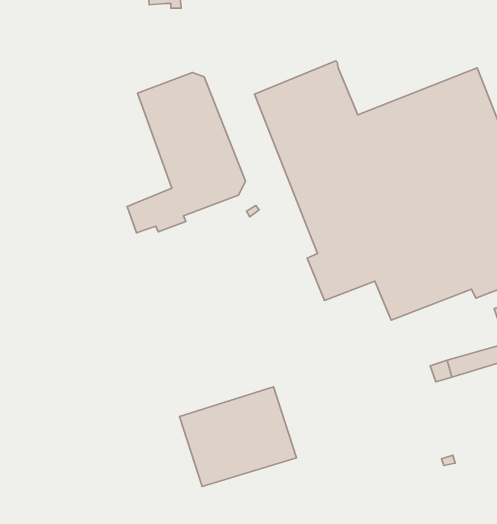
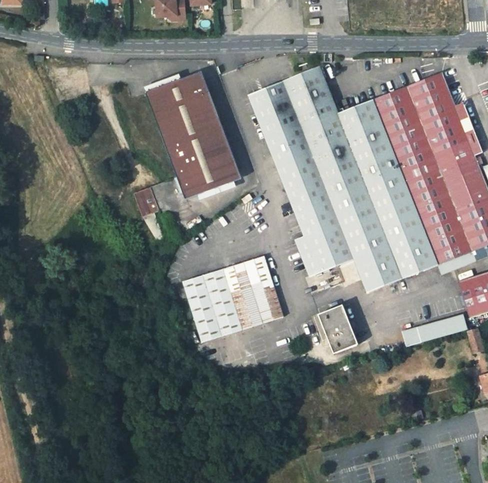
building: none -> [319,305,357,353]
building: [179,387,296,486] -> [182,255,284,342]

